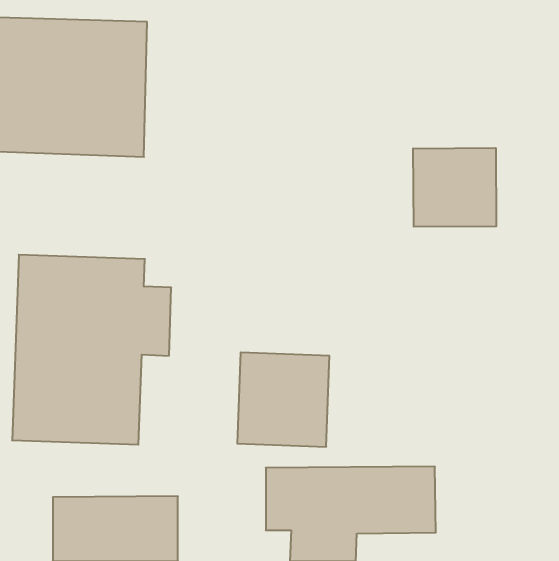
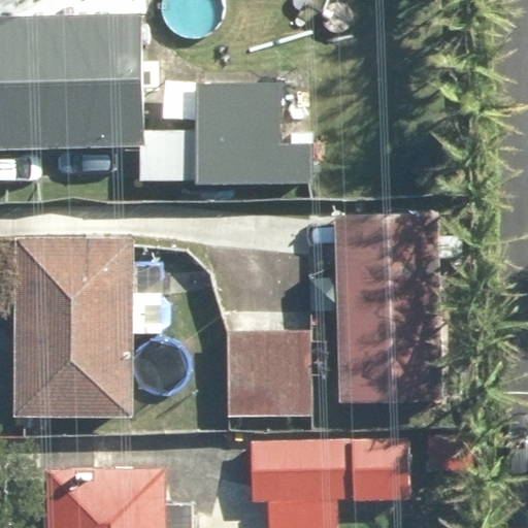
building: none -> [142,82,317,187]
building: [413,148,496,227] -> none
building: none -> [335,216,442,401]

